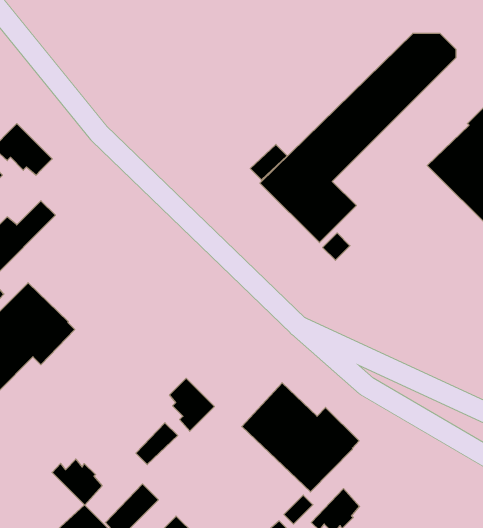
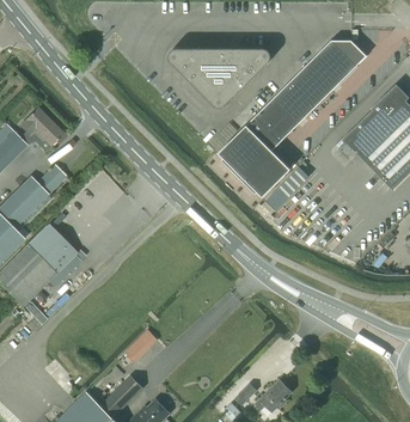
building: none -> [169,49,271,108]
building: [170,378,214,431] -> none
building: [242,383,359,492] -> none
building: [52,459,102,505] -> none

